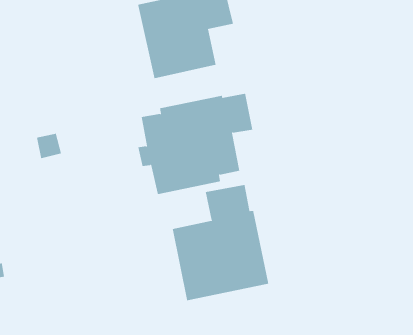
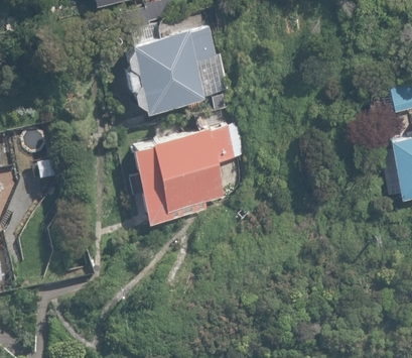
building: [172,184,269,301] -> none

